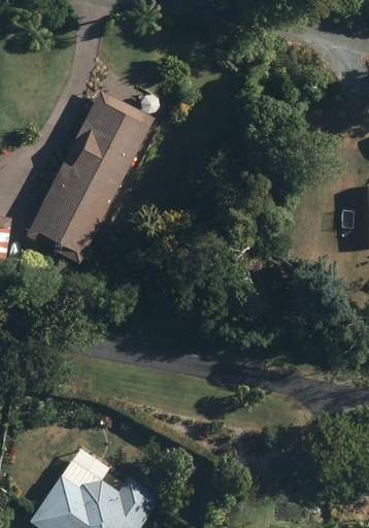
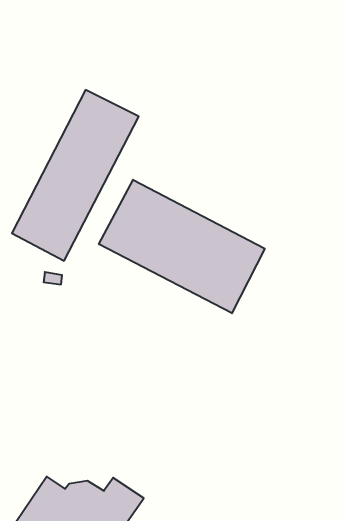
building: none -> [99,180,265,313]

